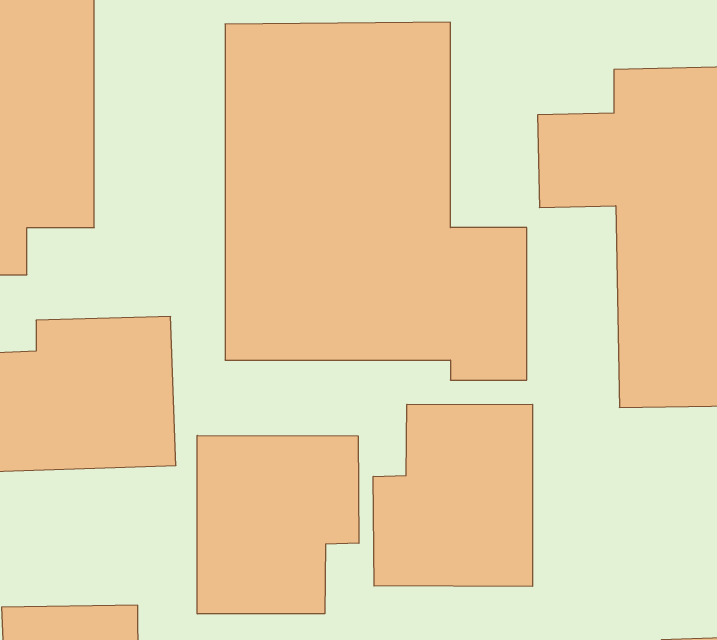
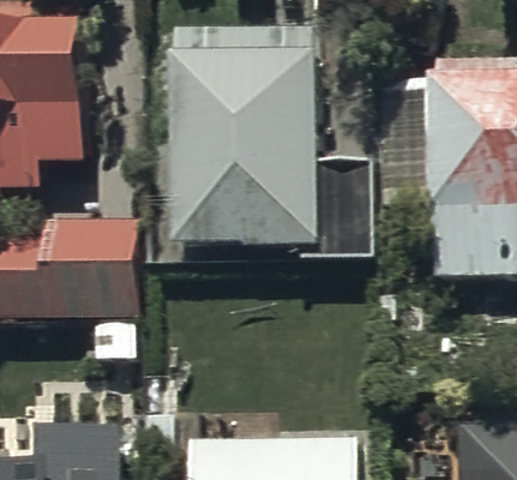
building: [373,404,532,586] -> none
building: [197,435,359,614] -> none

